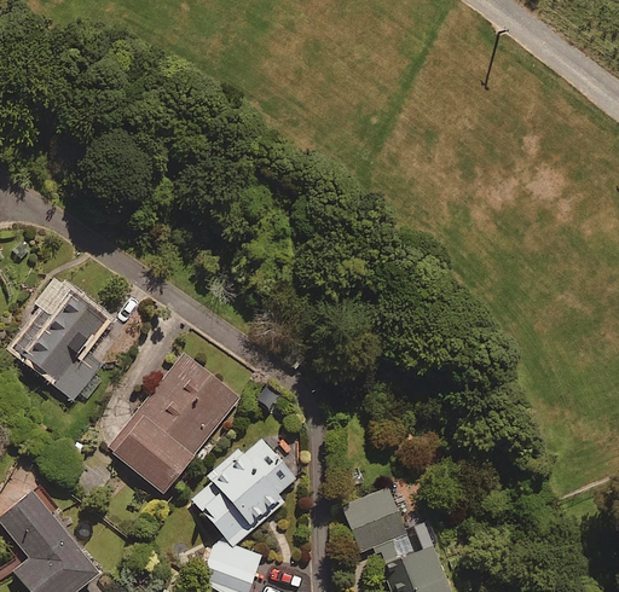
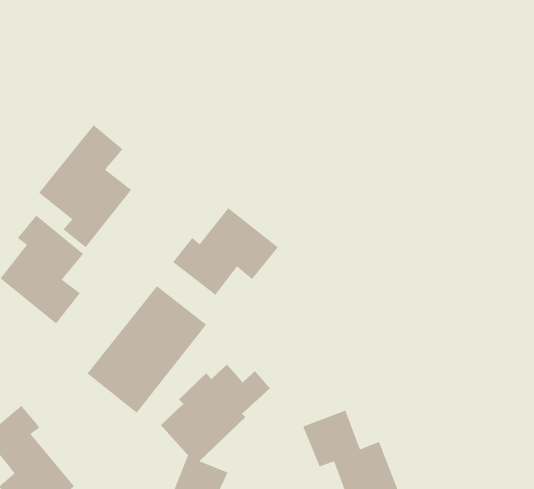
building: none -> [38,124,132,248]
building: none -> [172,207,279,296]

